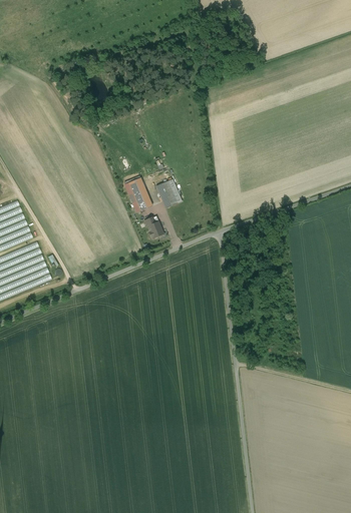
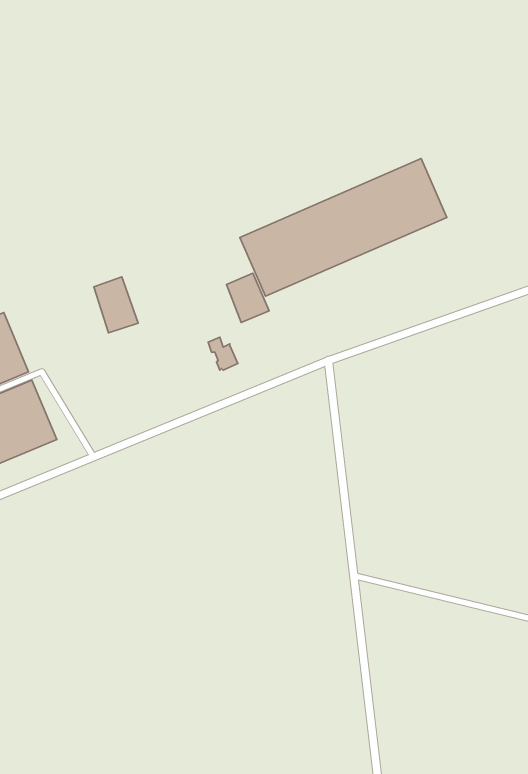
building: none -> [240,159,447,296]
building: [124,176,151,210] -> [94,277,138,333]

